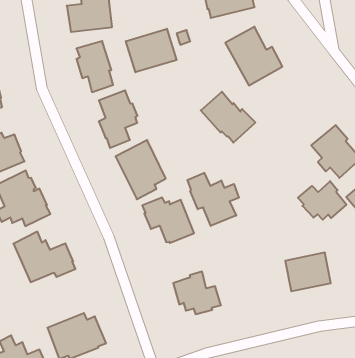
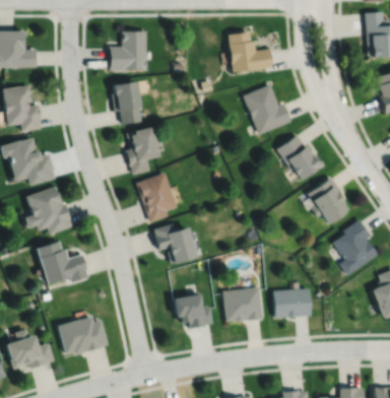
building: [126,29,177,72] -> none
building: [201,92,255,143] -> [276,134,323,180]
building: [187,173,239,226] -> none
building: [298,181,346,220] -> none
building: none -> [222,287,263,322]

